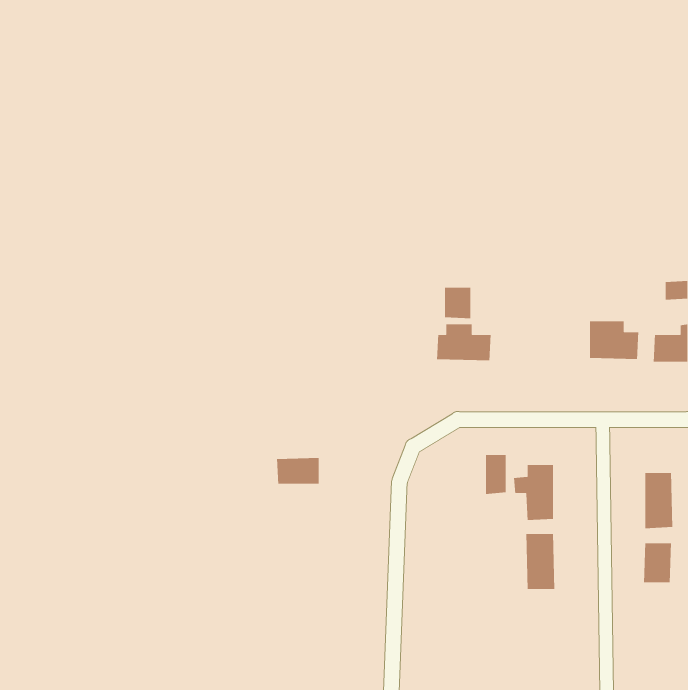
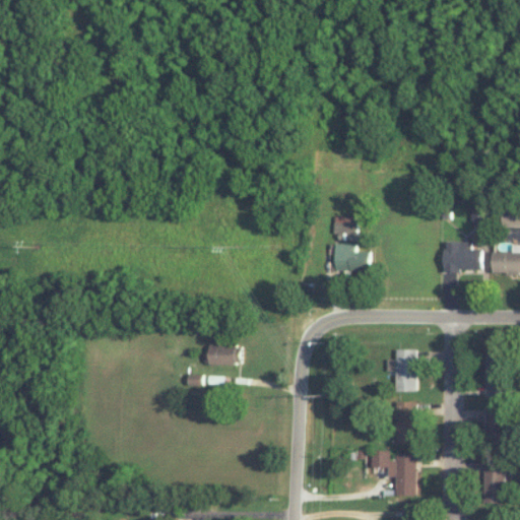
building: [485,454,507,495] -> none
building: none -> [371,451,415,497]
building: none -> [483,471,505,503]

